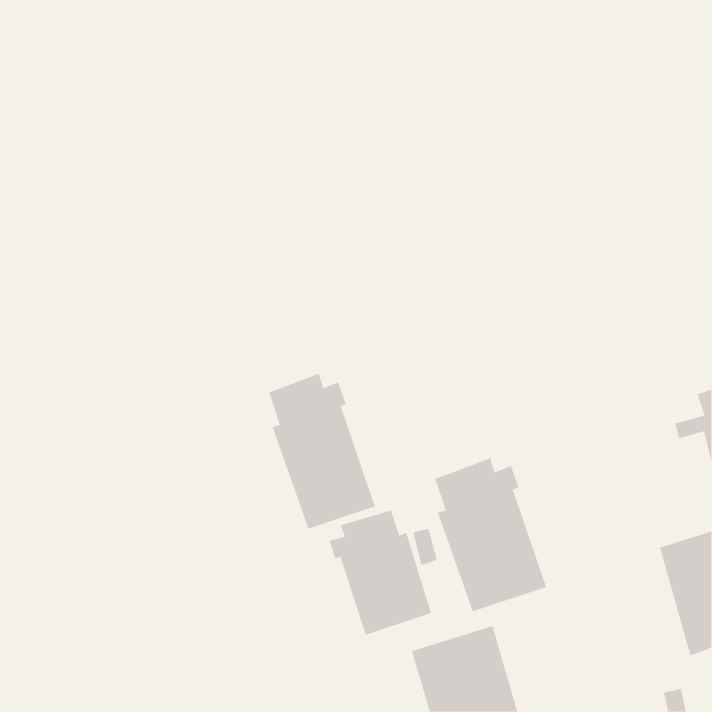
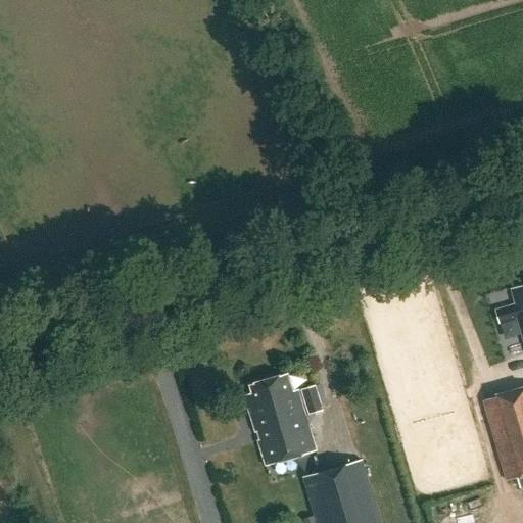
building: [268,373,376,529] -> none
building: [435,457,547,612] -> none

